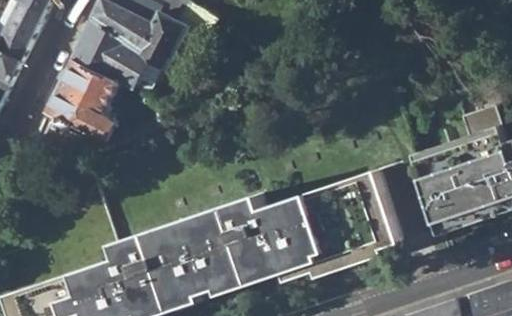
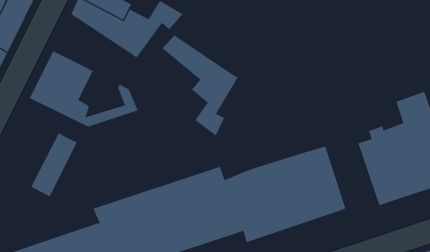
building: [71,20,159,98] -> none
building: none -> [161,35,238,136]
building: none -> [30,133,77,197]

